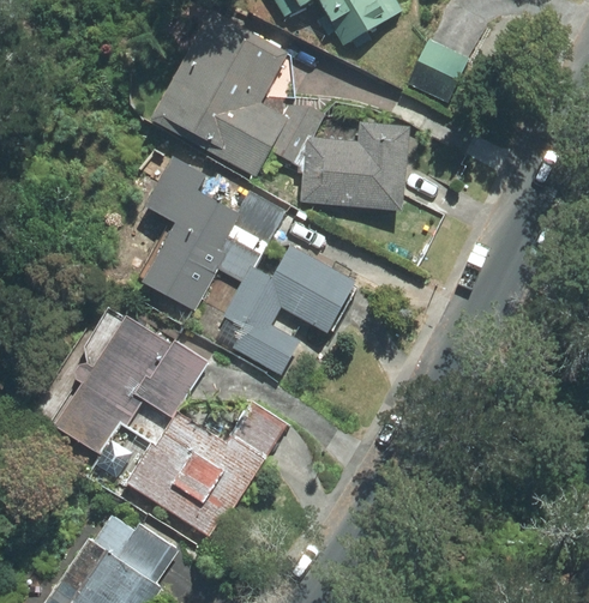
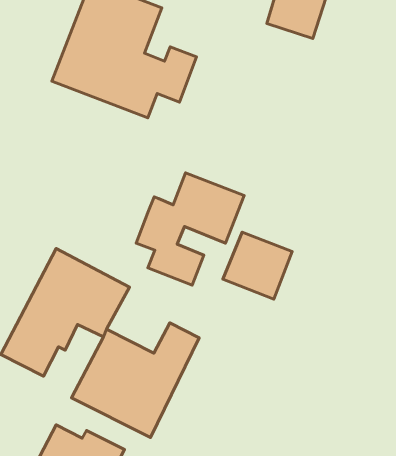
building: [302,121,409,211] -> none
building: [136,153,283,313] -> none
building: none -> [223,232,292,299]

